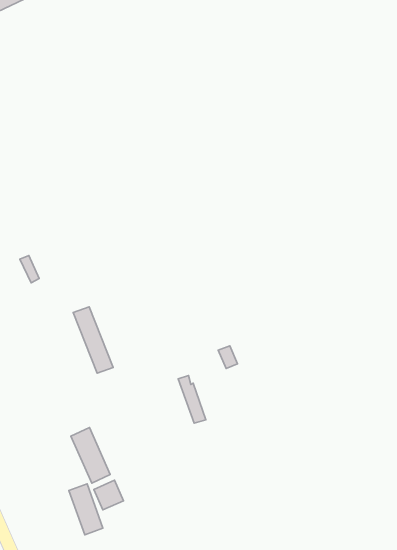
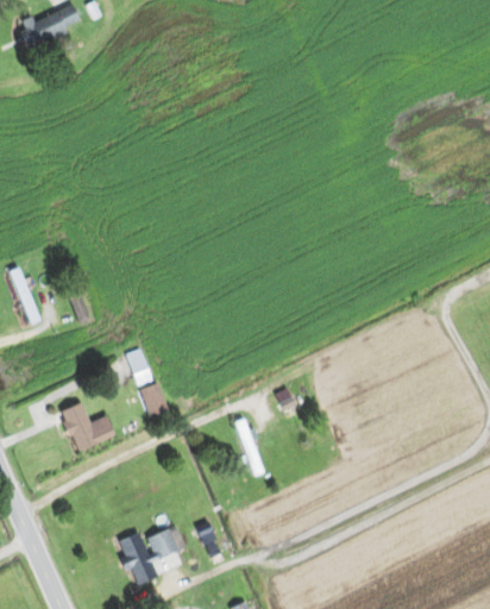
building: none -> [59,401,114,451]
building: [71,427,110,483] -> none

